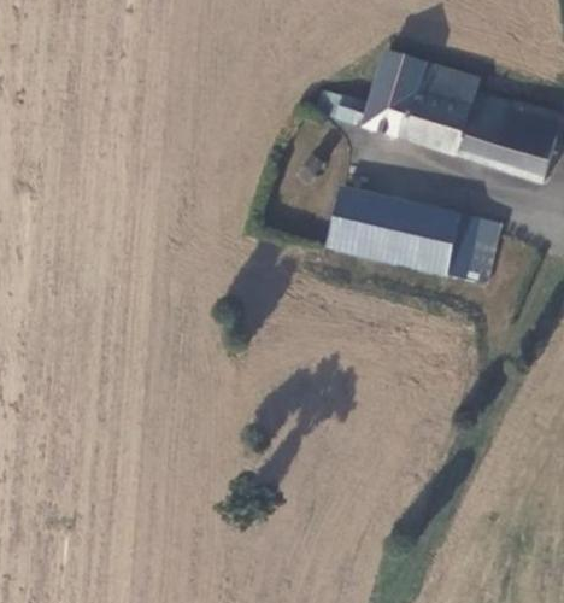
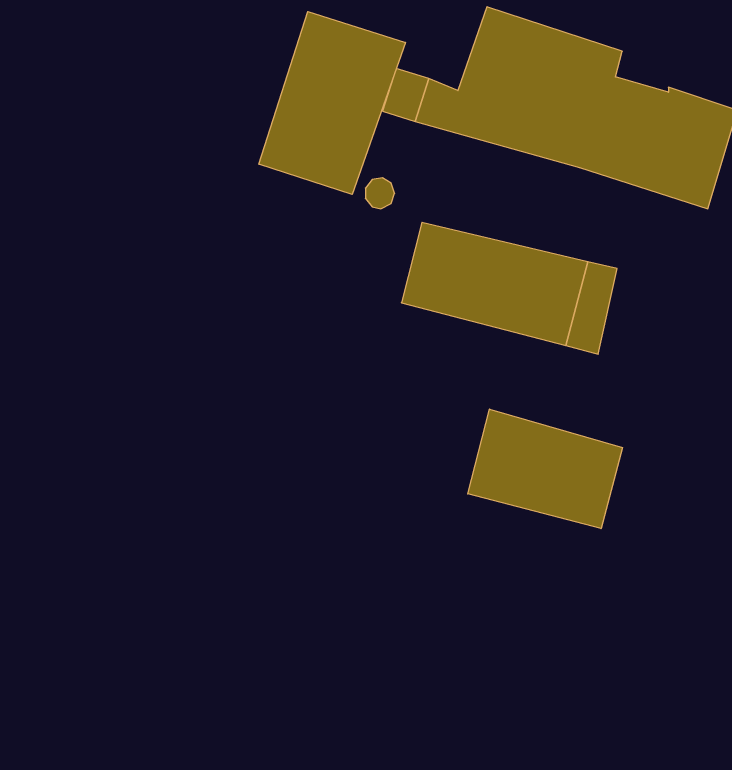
building: none -> [259,12,405,194]
building: none -> [468,409,622,529]

